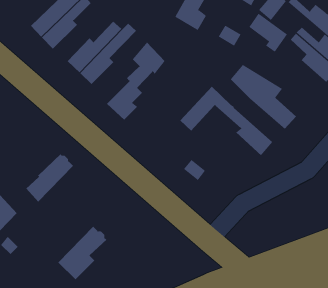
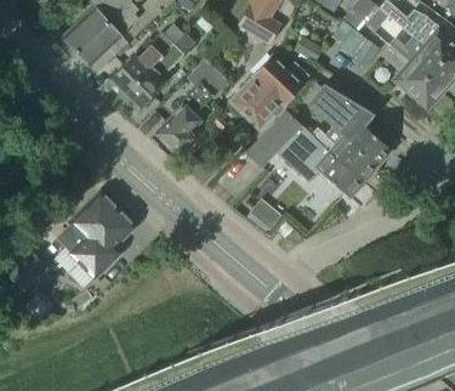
building: none -> [232,55,307,126]
building: none -> [286,109,376,180]
building: [58,226,107,280] -> [73,209,133,276]

